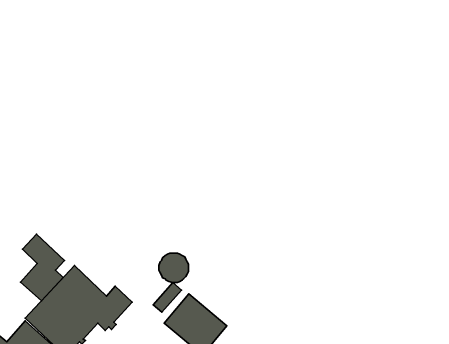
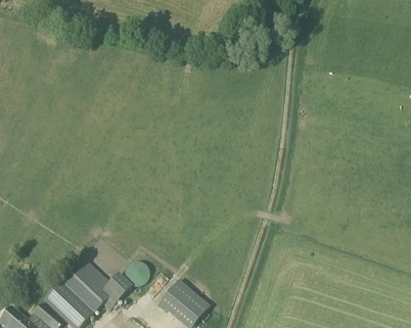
building: [20,234,64,301] -> none
building: [159,253,188,283] -> [124,261,148,285]

